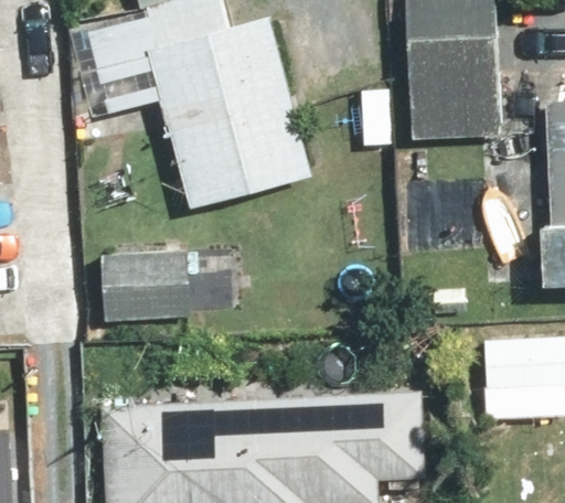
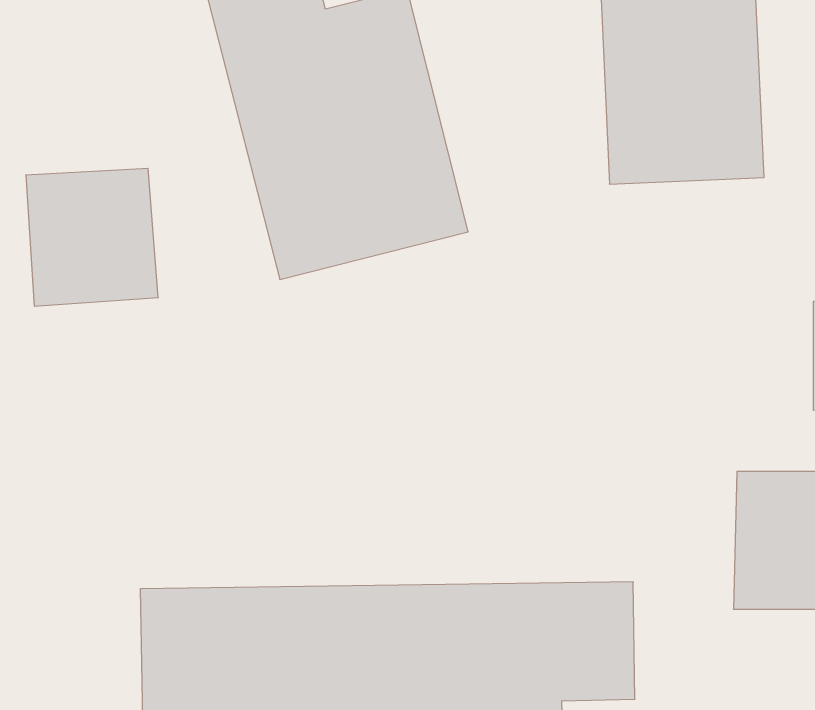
building: [96,237,182,327] -> [26,168,158,306]

